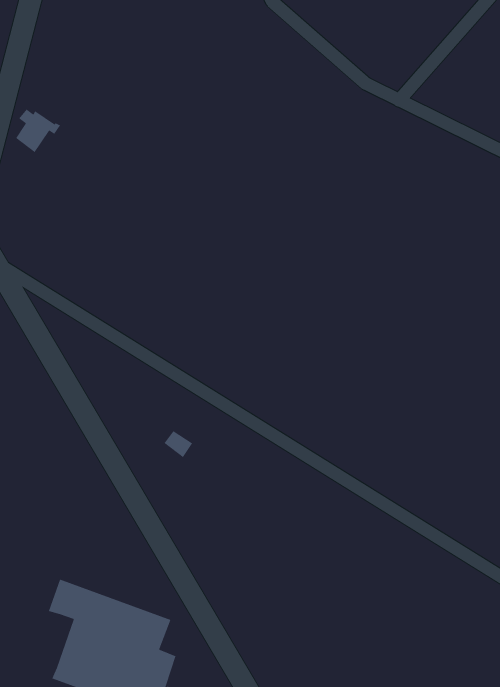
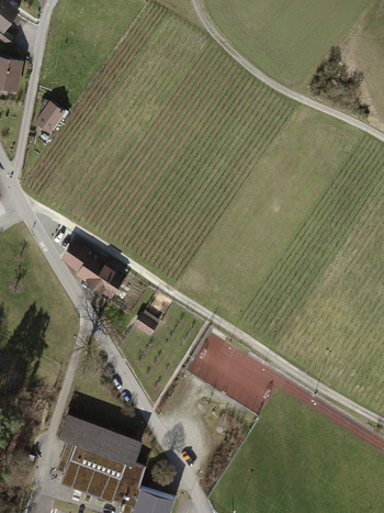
building: none -> [66,245,123,297]

